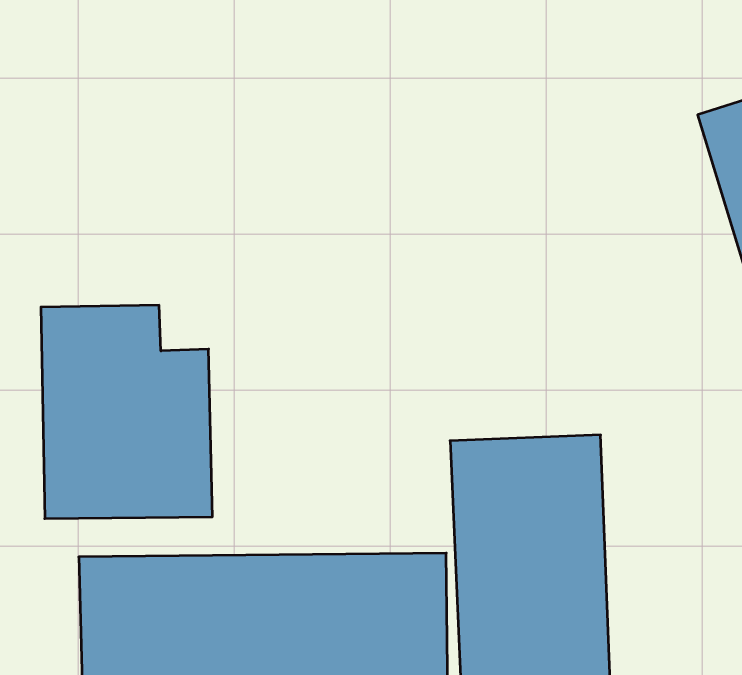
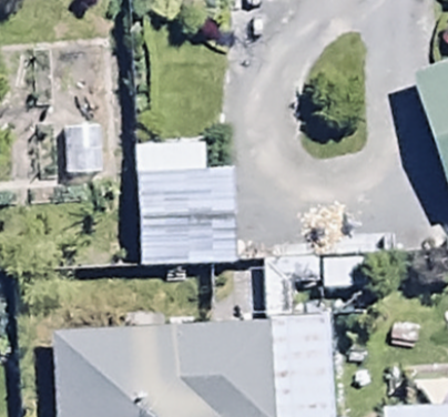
building: [41,305,212,519] -> [138,142,237,266]

